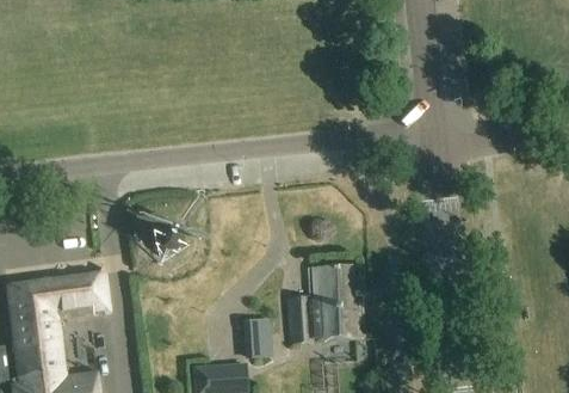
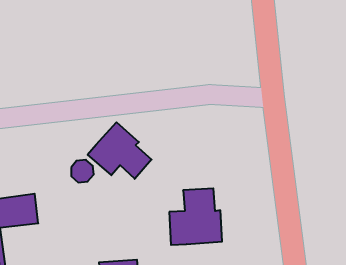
building: none -> [88,122,152,179]
building: [242,313,271,351] -> none

